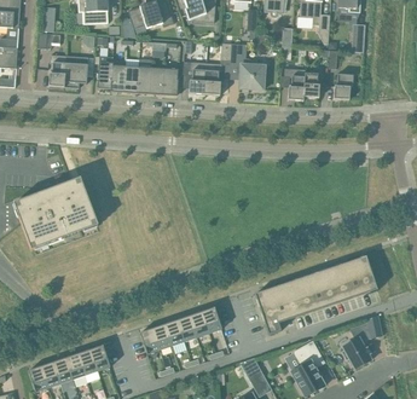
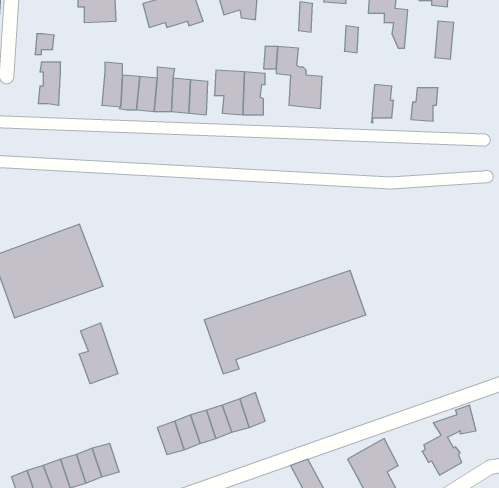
building: [64,54,88,87] -> none
building: [283,68,305,100] -> none
building: none -> [79,323,118,384]
building: [254,255,377,334] -> [204,270,366,374]

